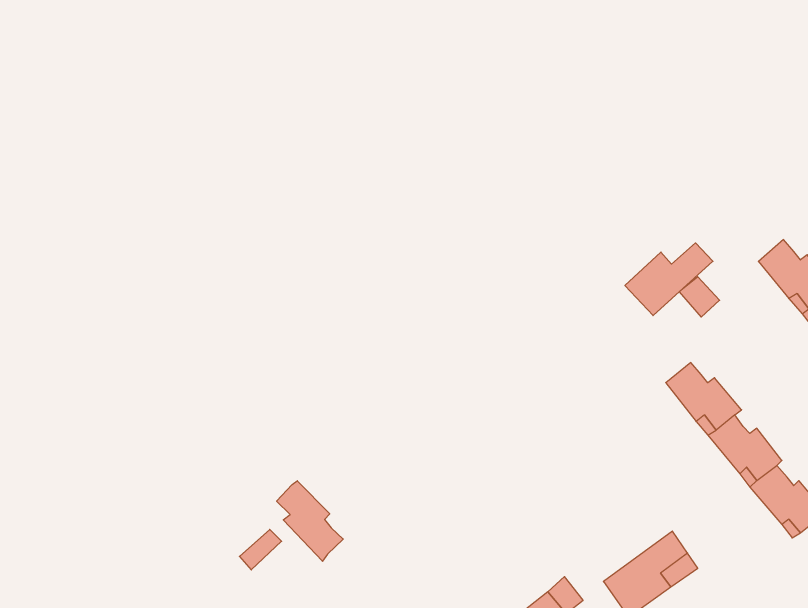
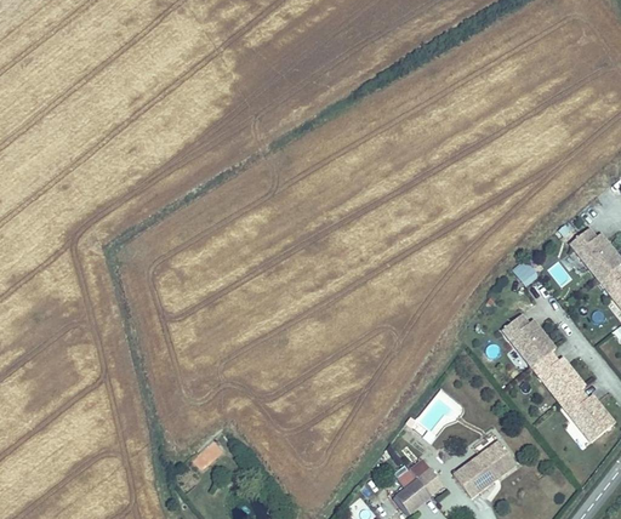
building: [625,243,713,316] -> none
building: [277,481,343,561] -> none

